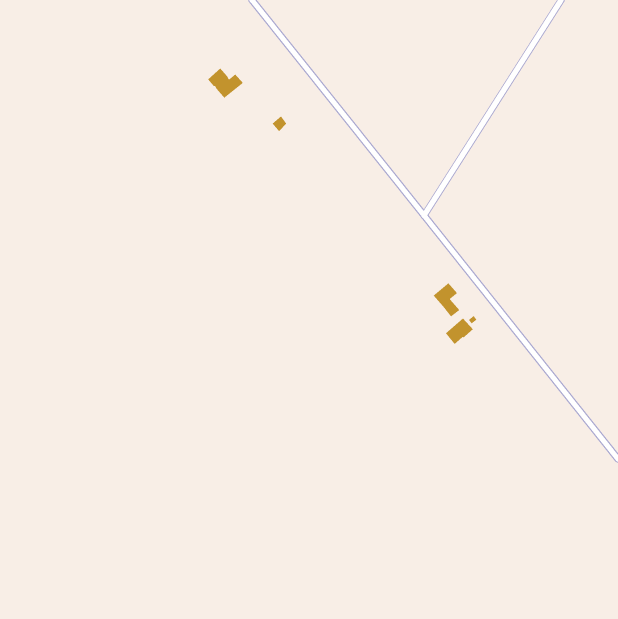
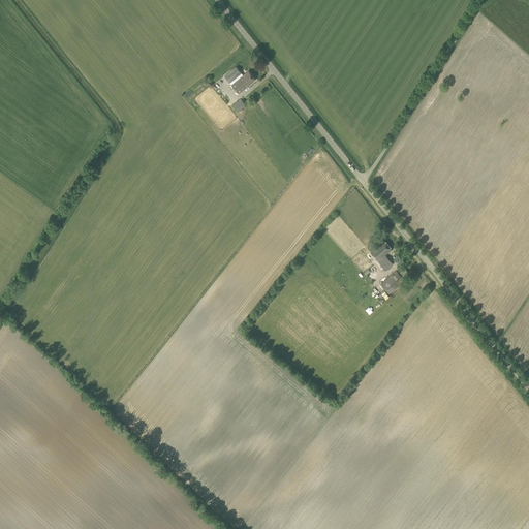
building: [207,67,244,99] -> [223,66,254,93]

